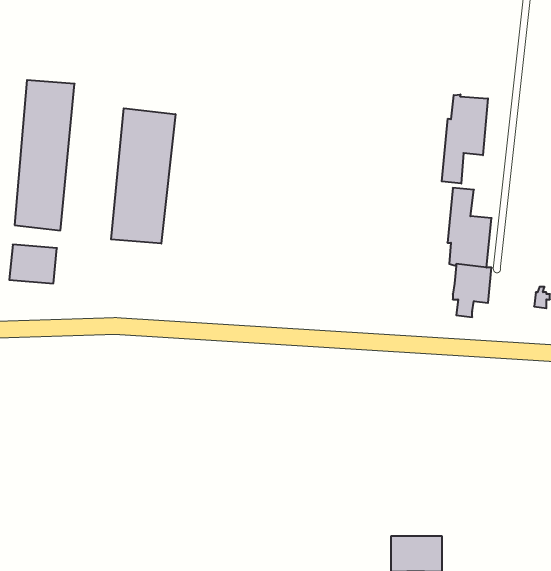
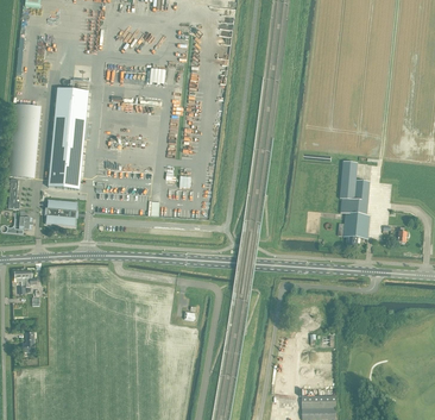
building: [442,94,488,184] -> none
building: [111,108,175,244] -> none

